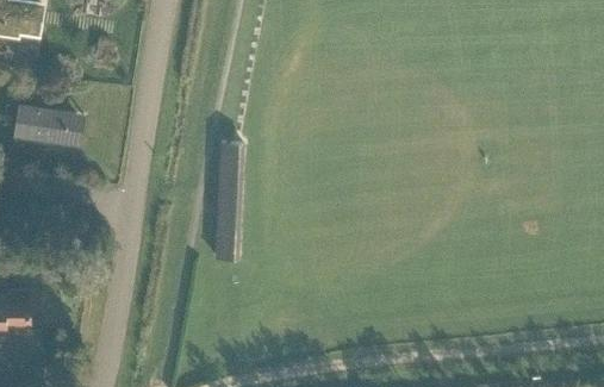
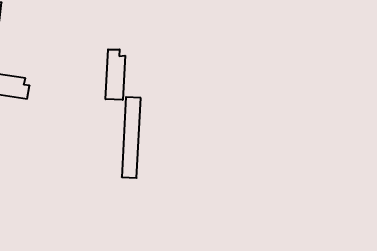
building: none -> [106,49,125,100]

